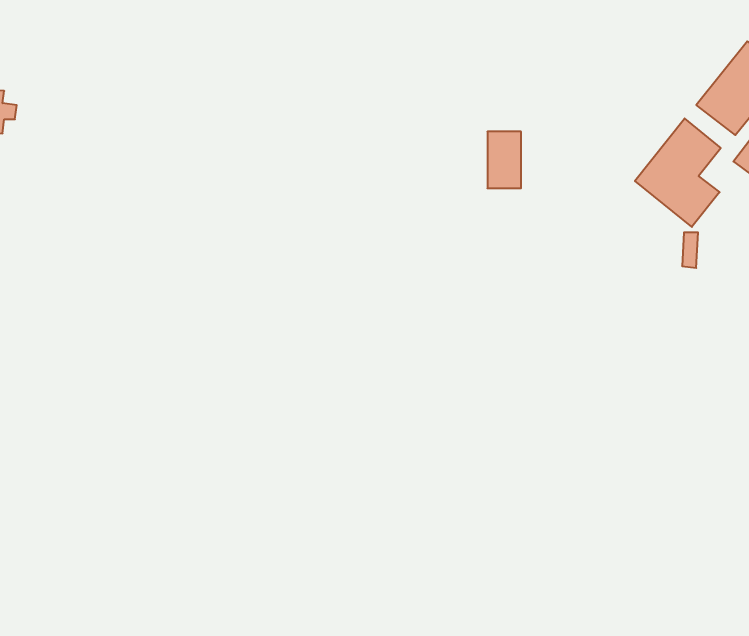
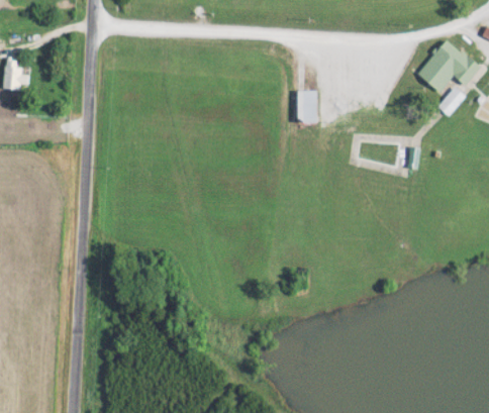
building: [635,118,721,227] -> none

